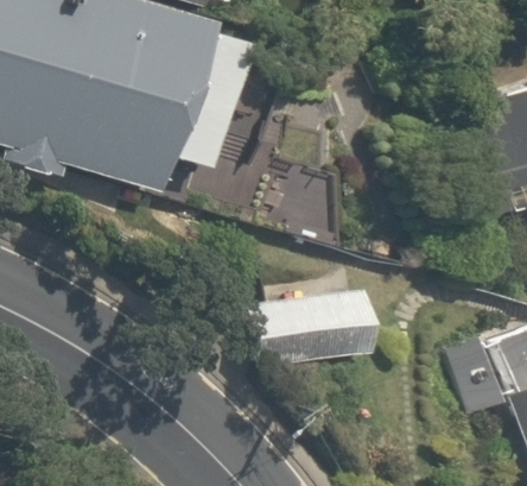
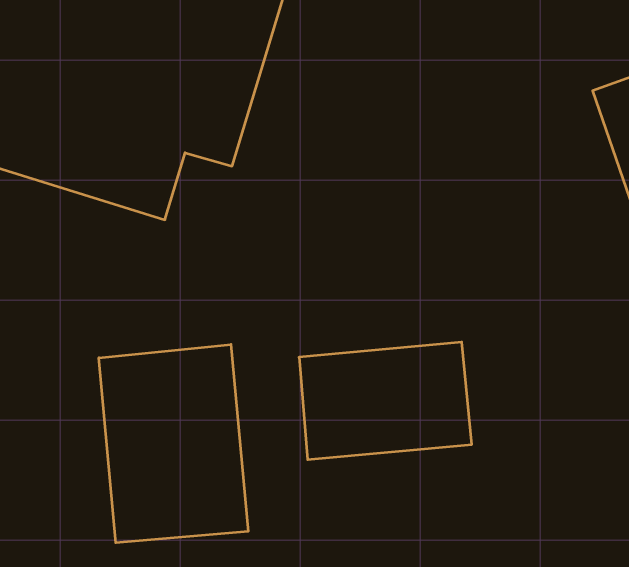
building: none -> [99,344,248,543]

